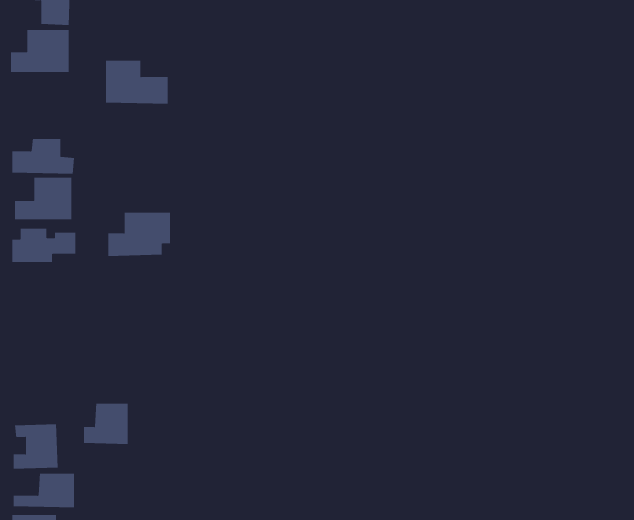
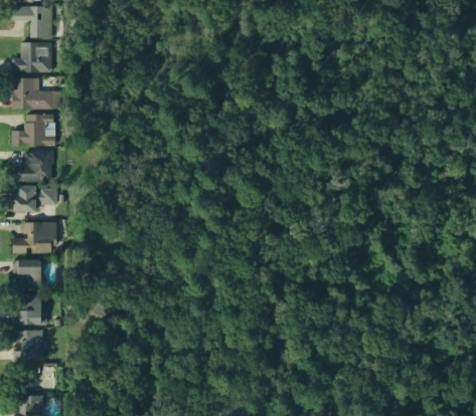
building: [105,60,169,104] -> [14,78,60,111]
building: [107,212,171,256] -> [11,222,57,254]
building: none -> [13,260,41,289]
building: [83,403,129,444] -> [13,294,46,325]

